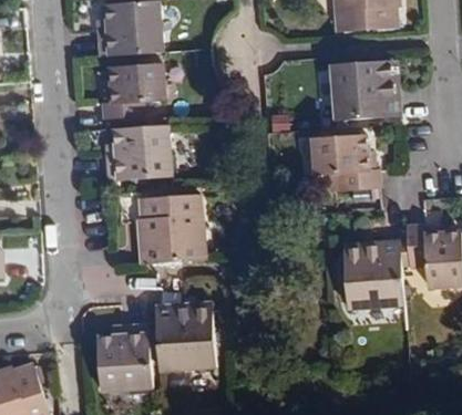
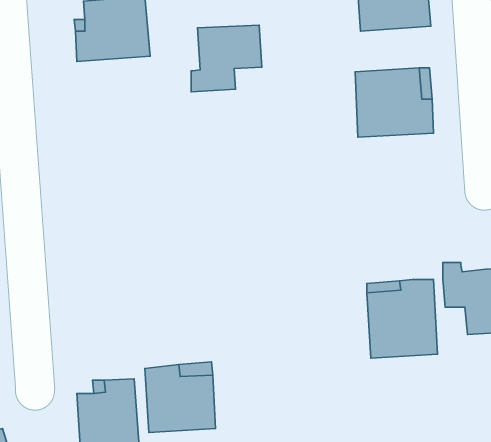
building: [103,64,163,121] -> [191,25,262,92]
building: [106,125,170,179] -> none
building: [315,139,381,193] -> none
building: [138,196,203,263] -> none

